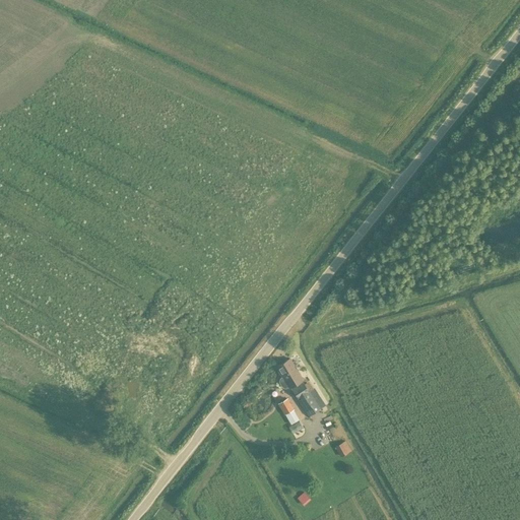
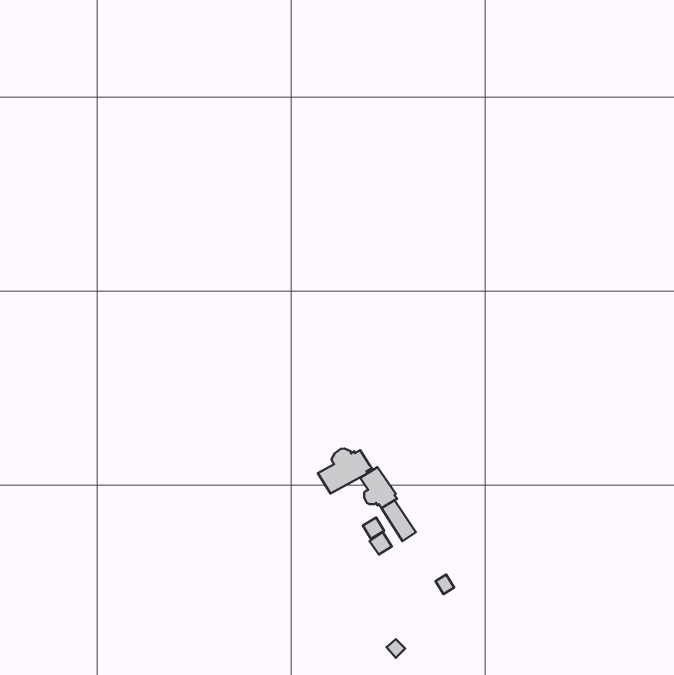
building: none -> [318,449,372,493]

